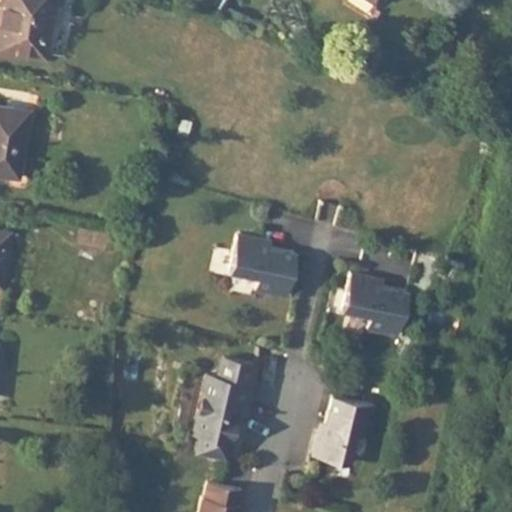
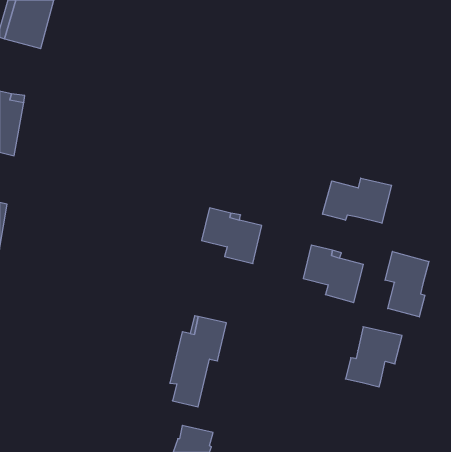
building: none -> [323,178,392,223]
building: none -> [385,251,429,317]
building: [312,399,376,467] -> [345,327,402,387]

